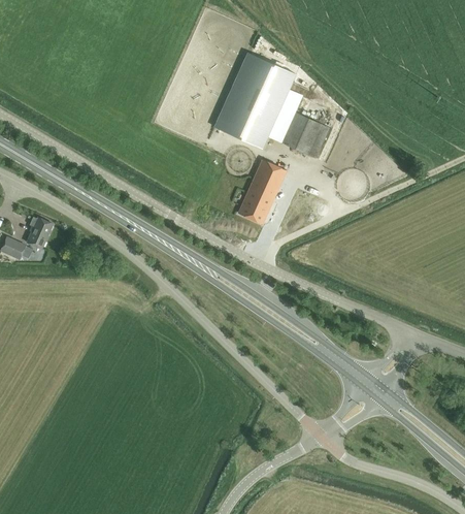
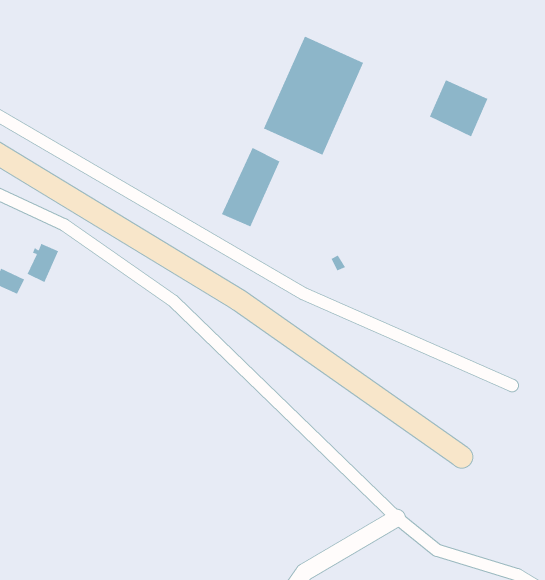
building: [281,113,329,159] -> [429,79,488,137]
building: [238,160,286,224] -> [221,147,281,227]

